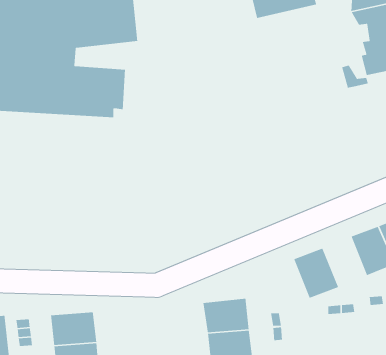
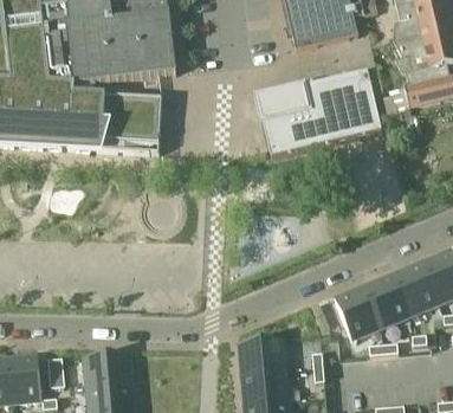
building: none -> [257,67,381,154]
building: none -> [364,272,409,325]

